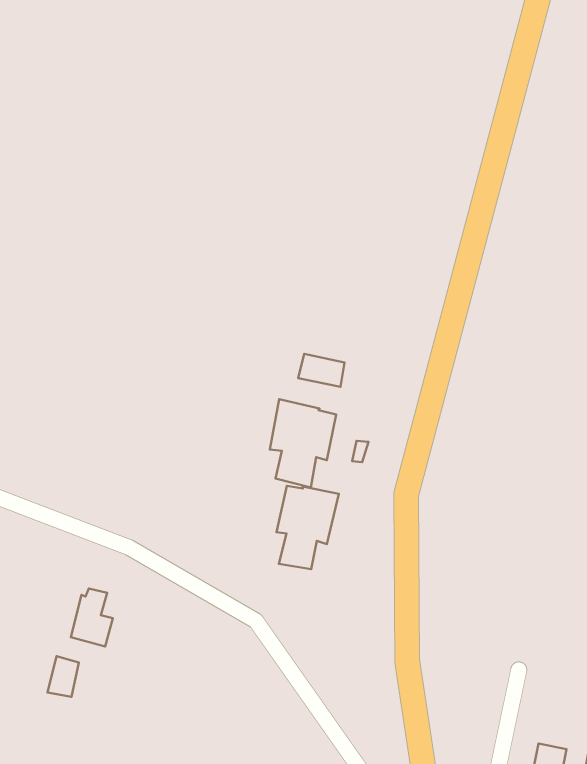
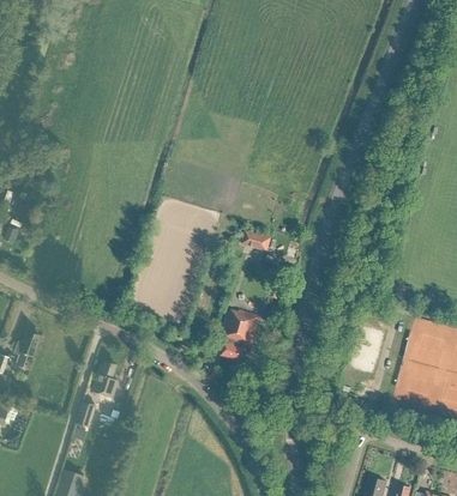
building: [270,399,336,487] -> none

